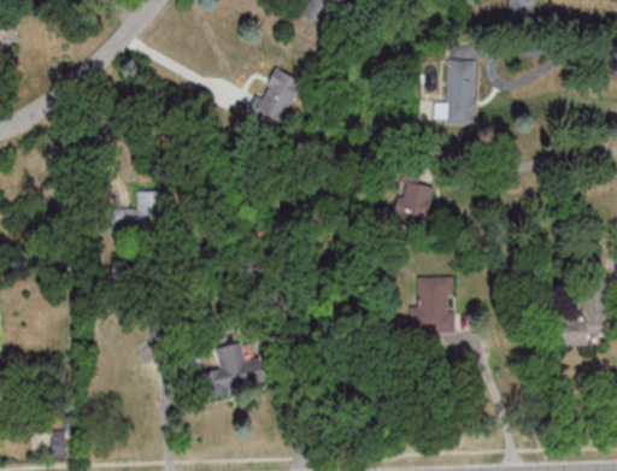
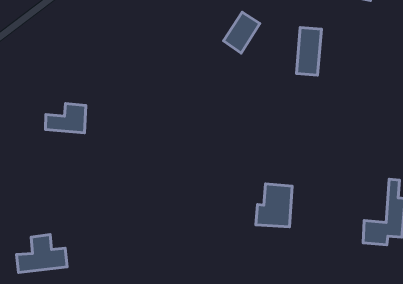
building: [253,69,300,124] -> [224,12,260,53]
building: [395,181,433,228] -> none
building: [199,341,269,396] -> [16,234,67,273]

